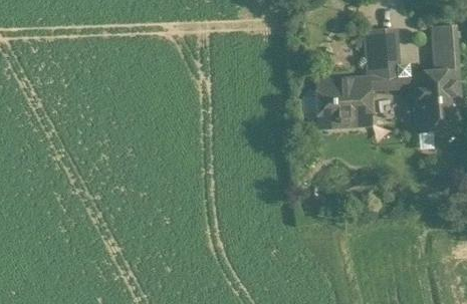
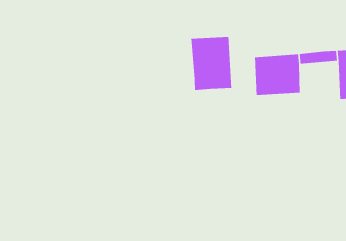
building: [365,28,399,77] -> none
building: none -> [190,36,232,91]

